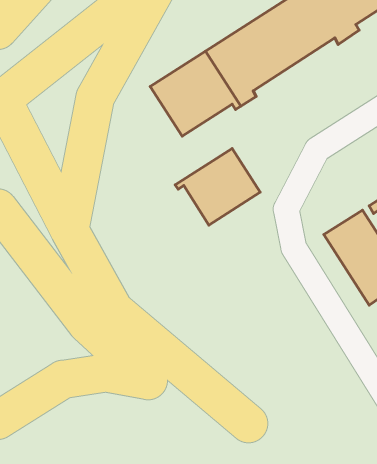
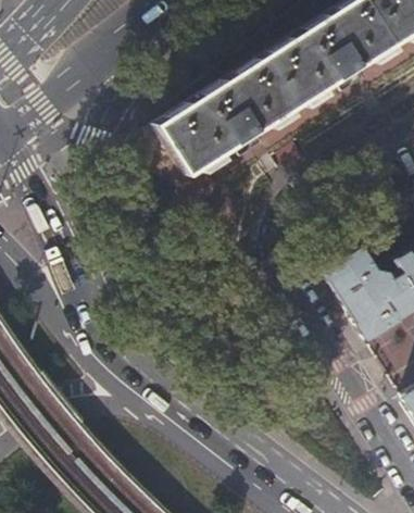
building: [175,149,260,225] -> none

